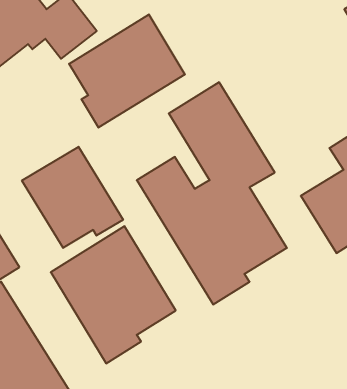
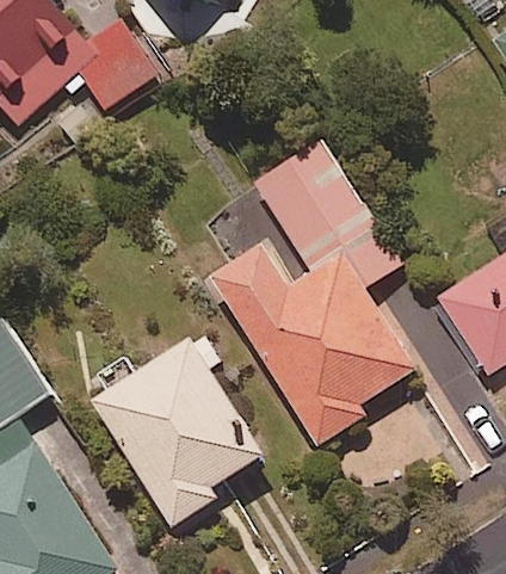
building: [69,14,185,128] -> none
building: [22,147,123,248] -> none

